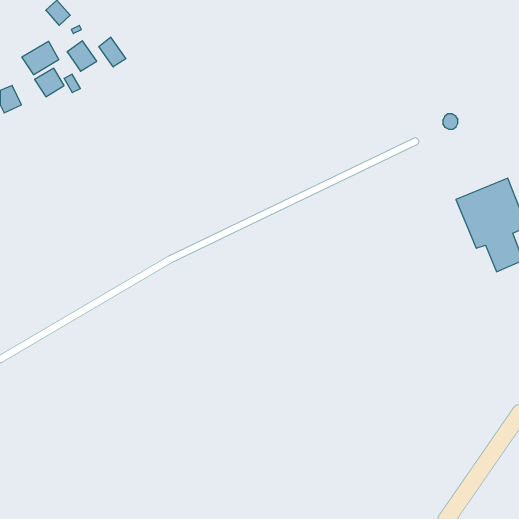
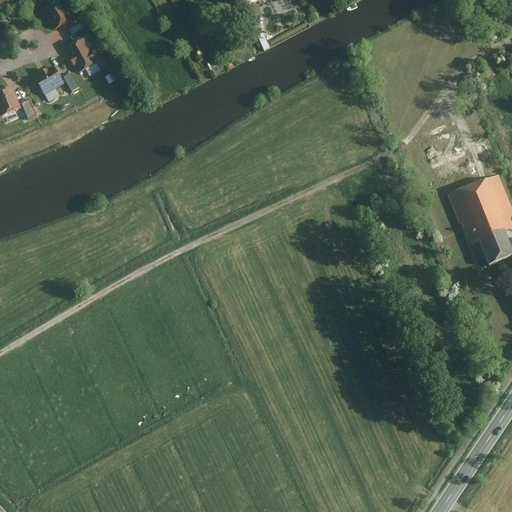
building: [99,37,126,67] -> none
building: [22,41,59,75] -> none

